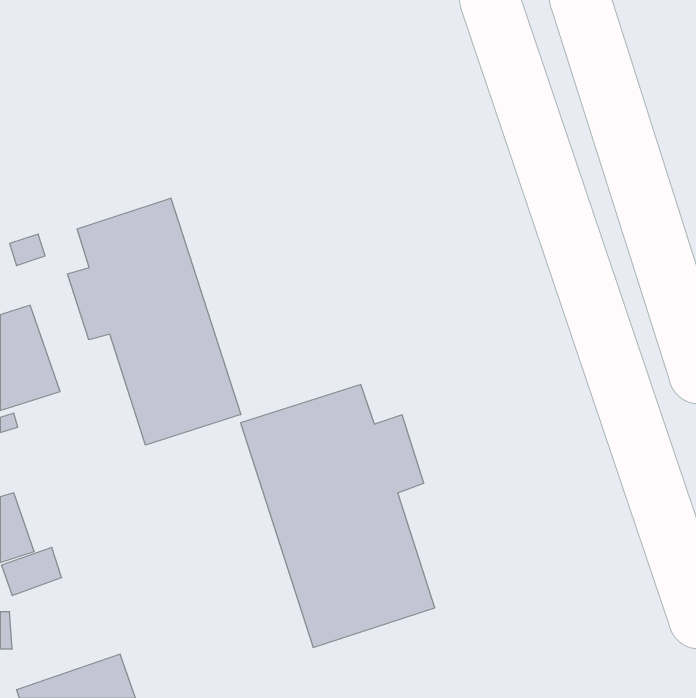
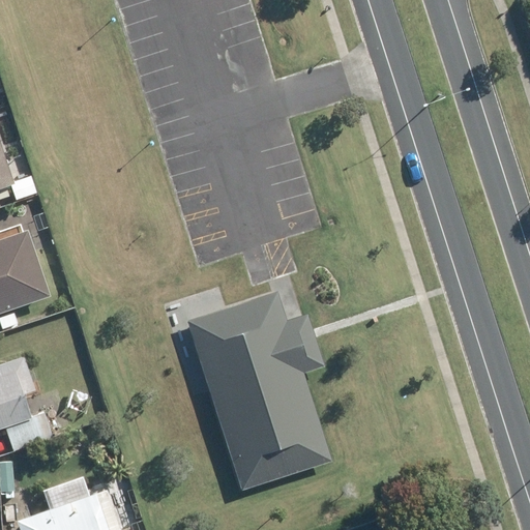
building: [67,198,241,445] -> none

